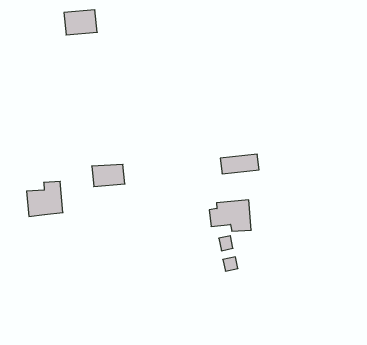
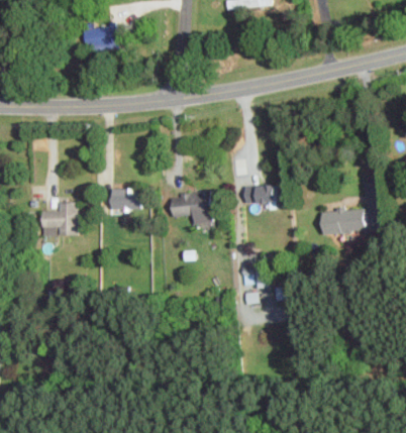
building: none -> [314,208,358,232]
building: [209,200,251,231] -> [171,192,213,223]

